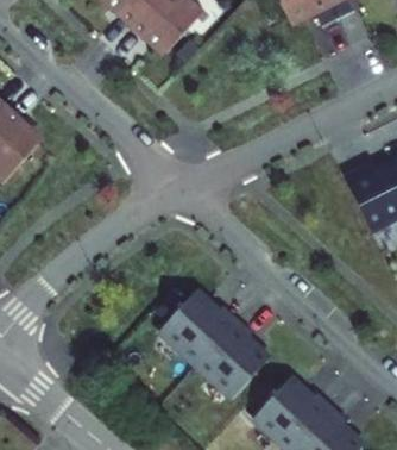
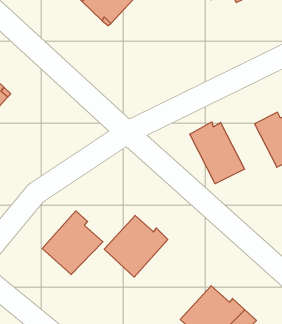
building: none -> [190,122,245,184]
building: [195,319,270,398] -> [42,211,103,275]

